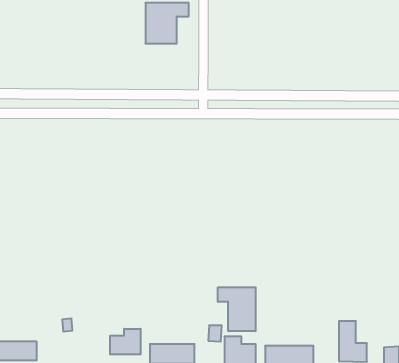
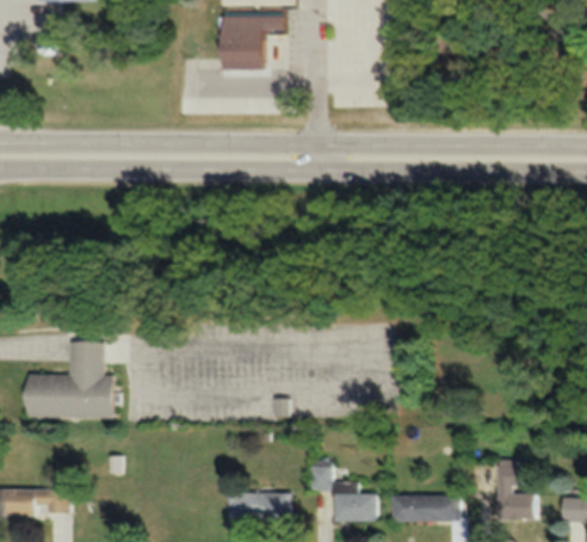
building: none -> [27,341,115,418]
building: [218,287,256,331] -> none
building: [110,329,141,354] -> none

